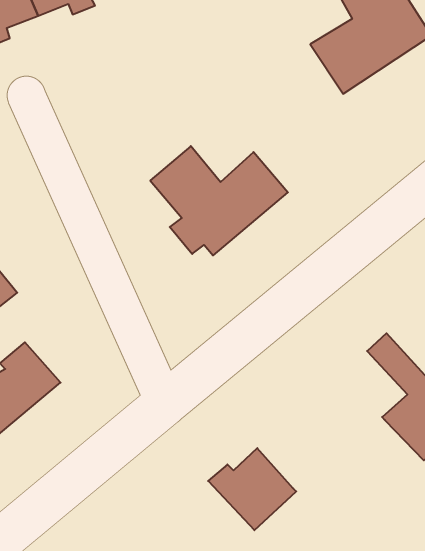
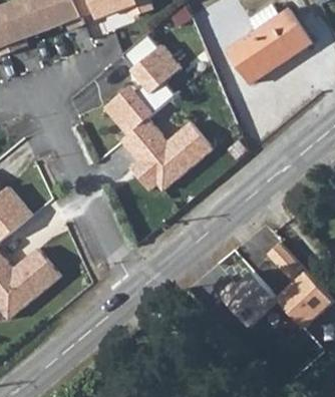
building: none -> [104,33,182,135]
building: [208,448,296,530] -> [219,272,278,327]

